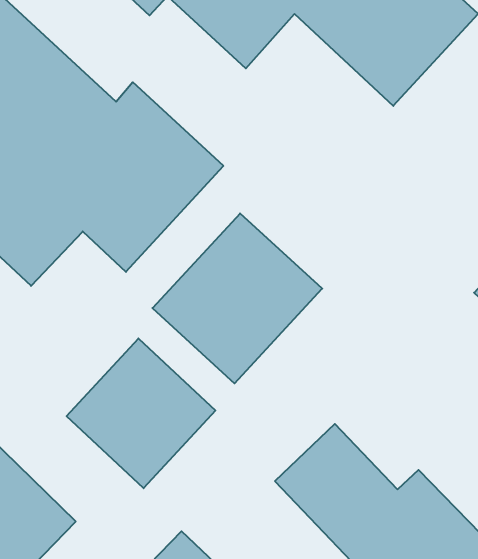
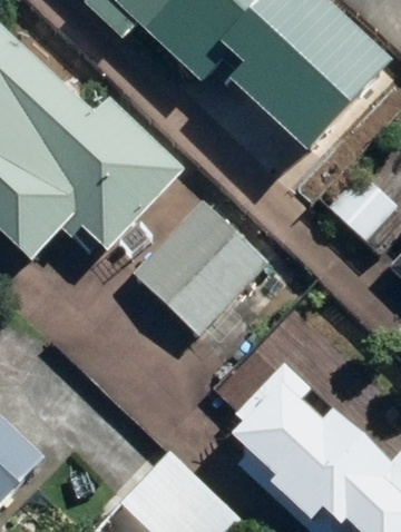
building: [67,338,215,488] -> none

